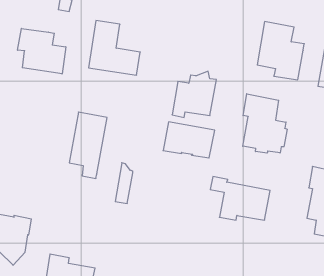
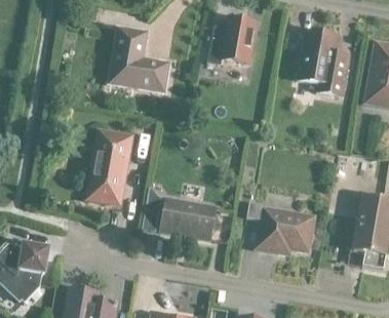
building: [18,28,66,74] -> none
building: [172,71,216,117] -> [207,13,257,65]
building: [243,94,287,153] -> none
building: [163,122,215,158] -> [159,199,217,239]

